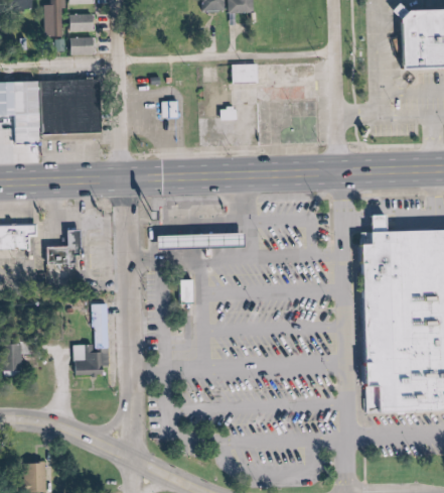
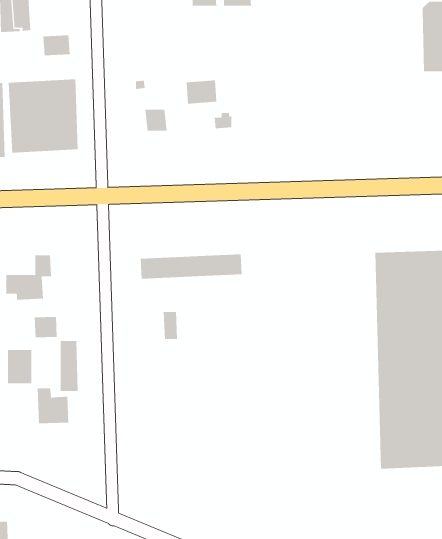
building: [75,14,97,33] -> none
building: [235,63,262,84] -> [186,80,217,104]
building: none -> [34,316,57,338]
building: none -> [8,349,32,384]

